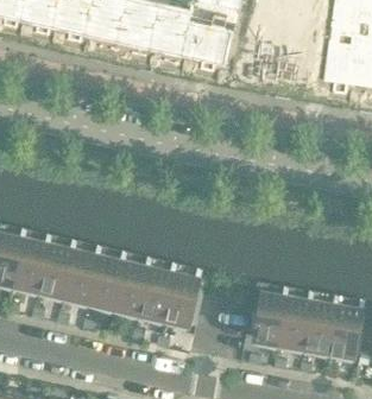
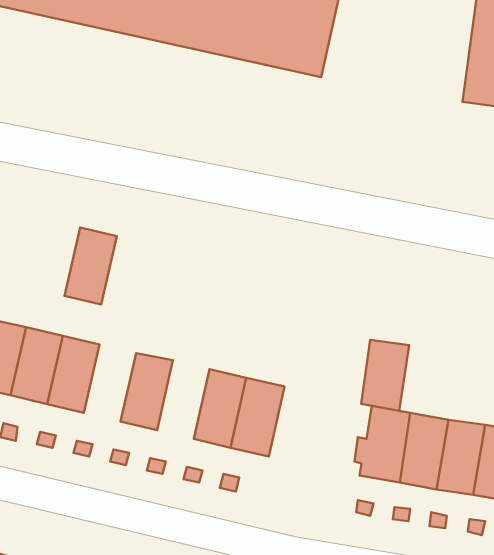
building: none -> [361,340,409,411]
building: [63,251,99,303] -> [64,228,117,304]
building: [113,261,149,315] -> none

